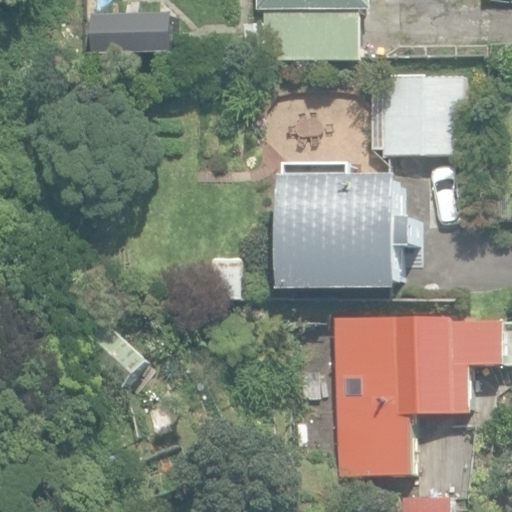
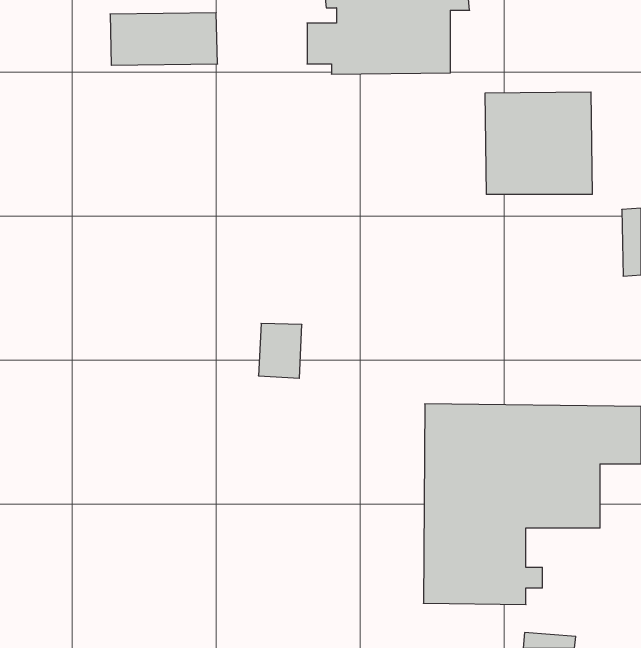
building: [281,175,415,287] -> none

